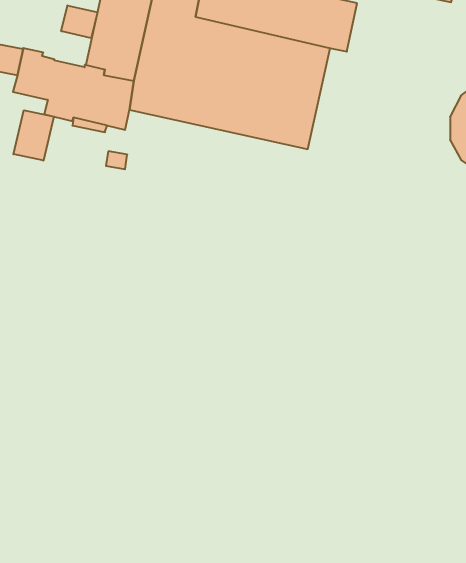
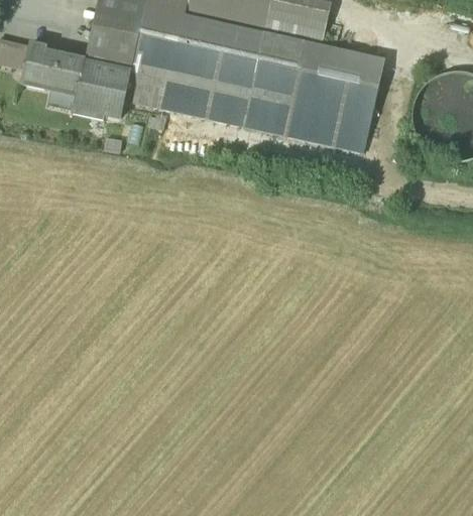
building: [61,5,97,38] -> none
building: none -> [285,43,384,152]
building: [13,110,54,161] -> none

